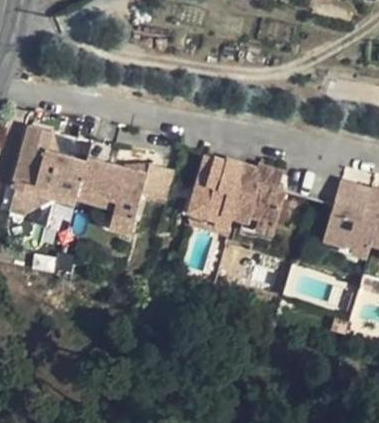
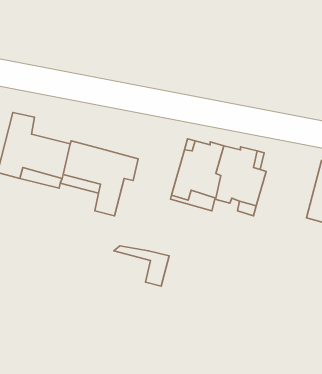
building: [117,161,173,202] -> [114,246,169,286]

